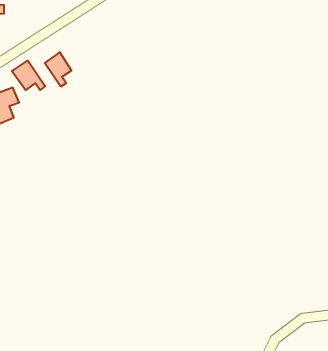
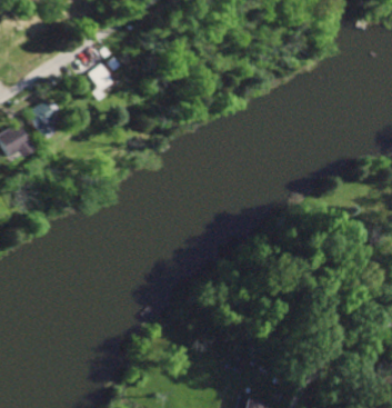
building: [12,61,45,90] -> none

